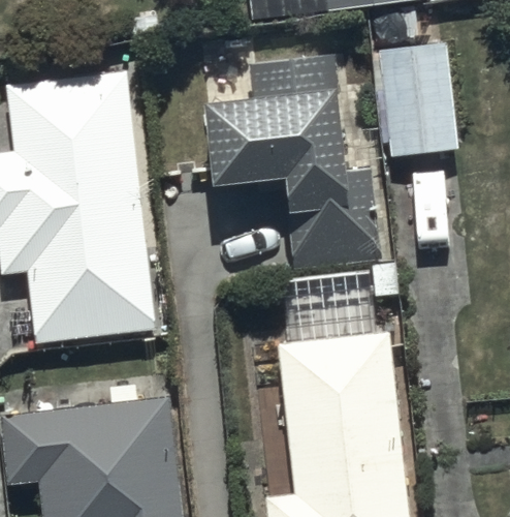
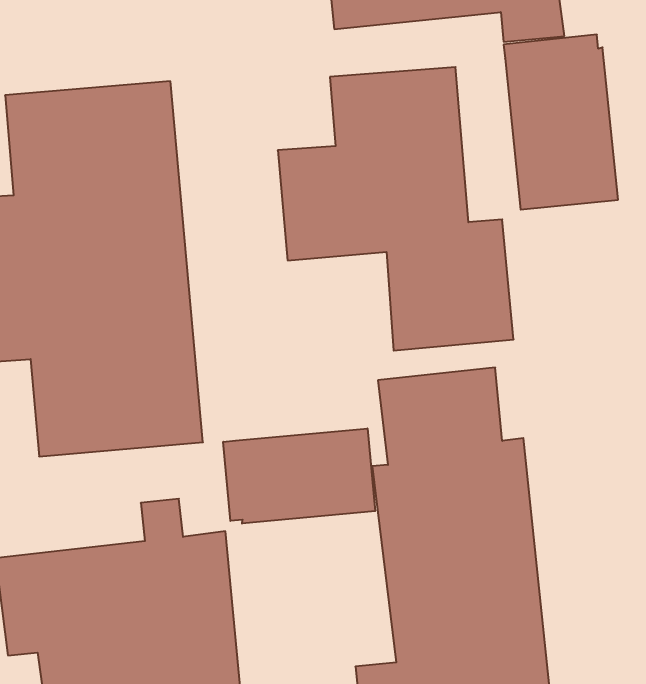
building: none -> [223,428,375,524]

